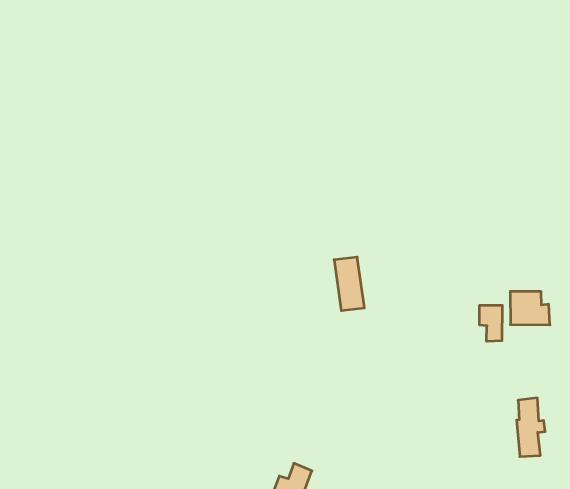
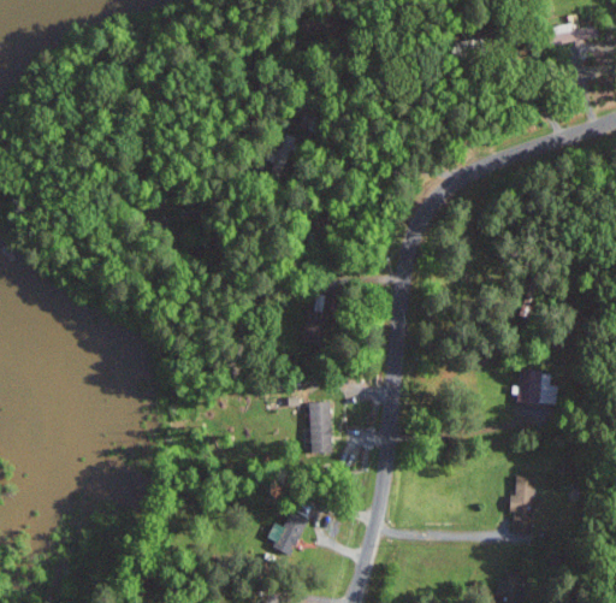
building: [334,257,364,311] -> [308,402,332,453]
building: [480,305,502,341] -> none

